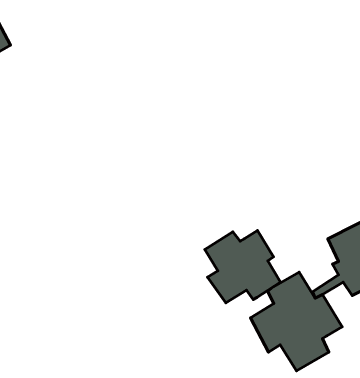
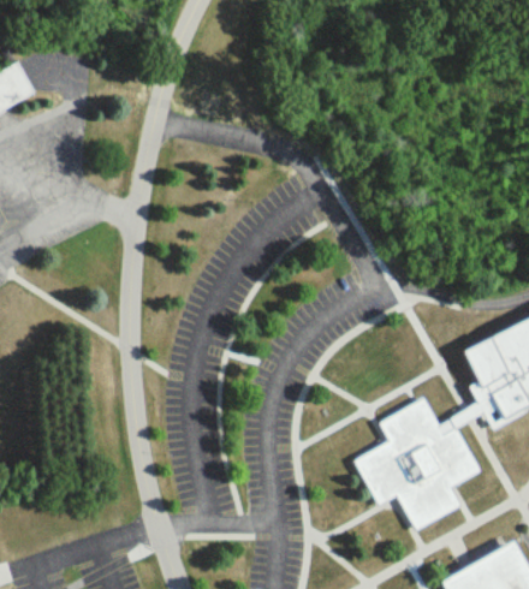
building: [205,230,281,303] -> none

